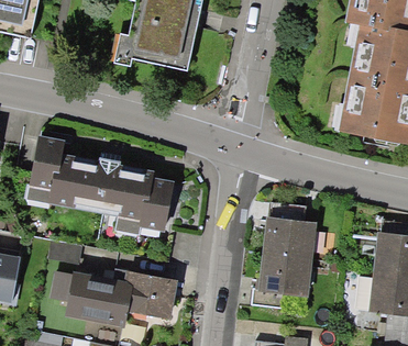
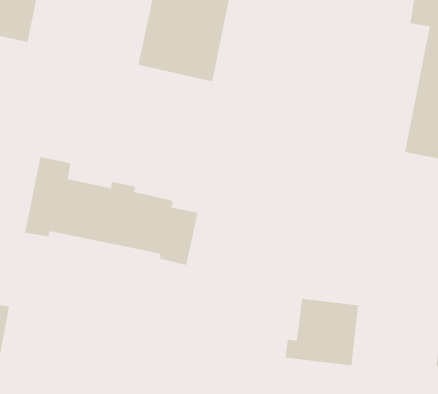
building: [262,200,315,258] -> none
building: [68,272,178,322] -> none

